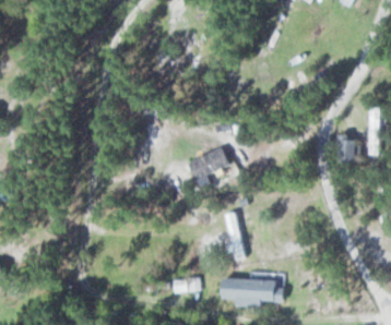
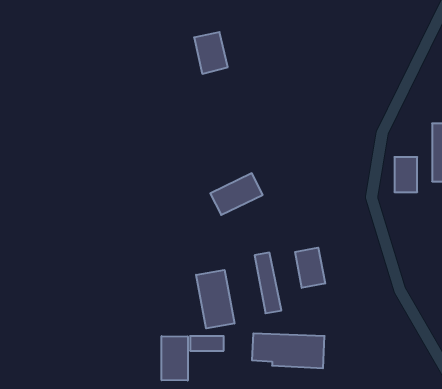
building: none -> [295,248,325,288]
building: none -> [196,270,234,328]
building: none -> [162,336,188,381]

